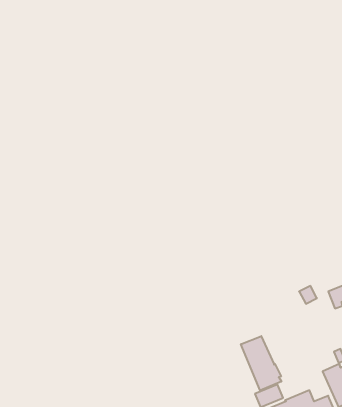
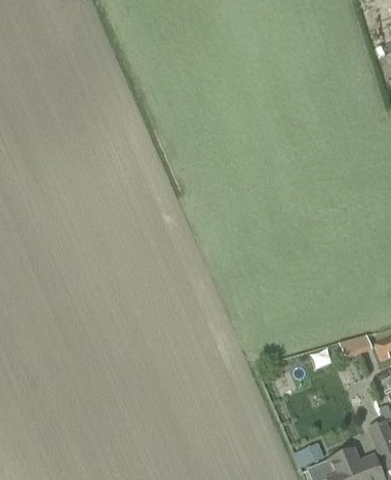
building: [241,336,281,390] -> none

